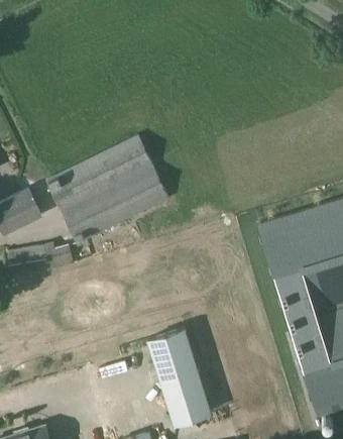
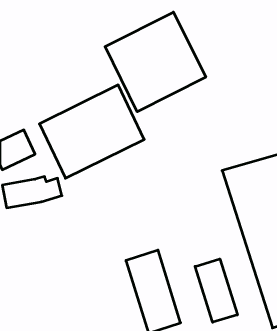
building: none -> [105,12,206,112]
building: none -> [195,259,237,322]

